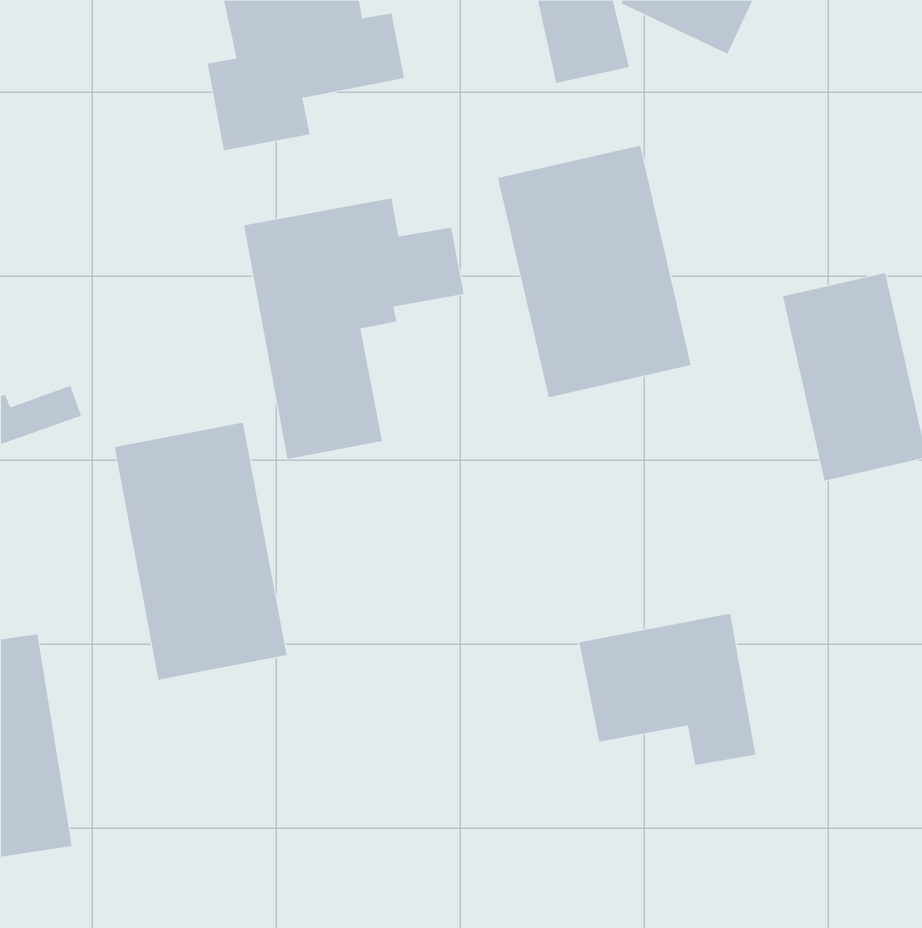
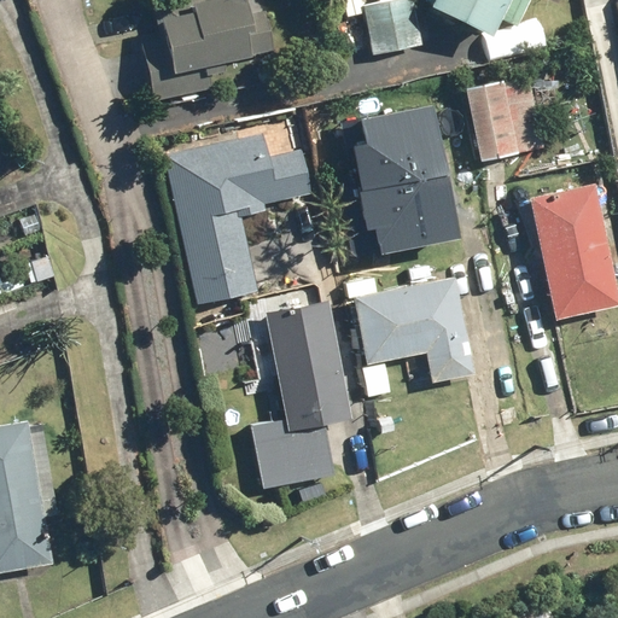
building: none -> [461,76,546,162]
building: [114,422,287,680] -> none
building: none -> [253,298,351,486]
building: [578,613,756,766] -> [354,279,472,380]

